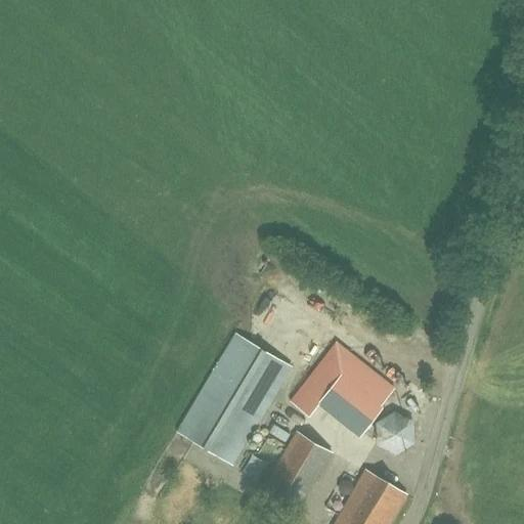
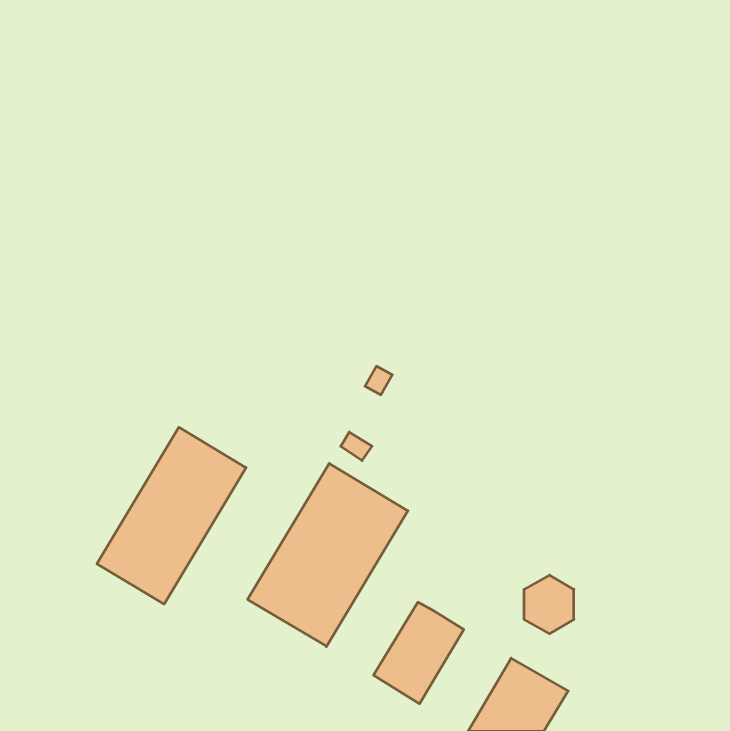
building: none -> [97,427,246,604]
building: [290,342,395,436] -> none

